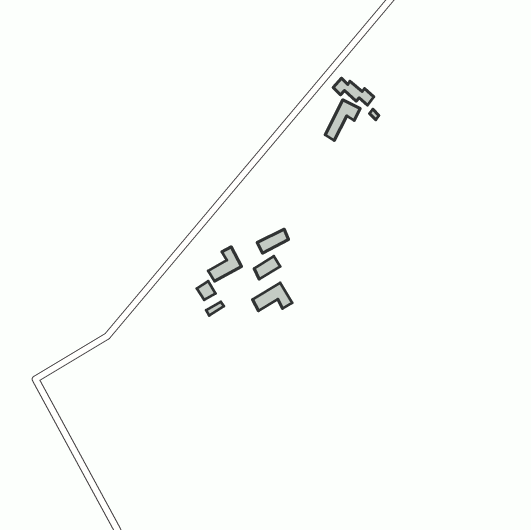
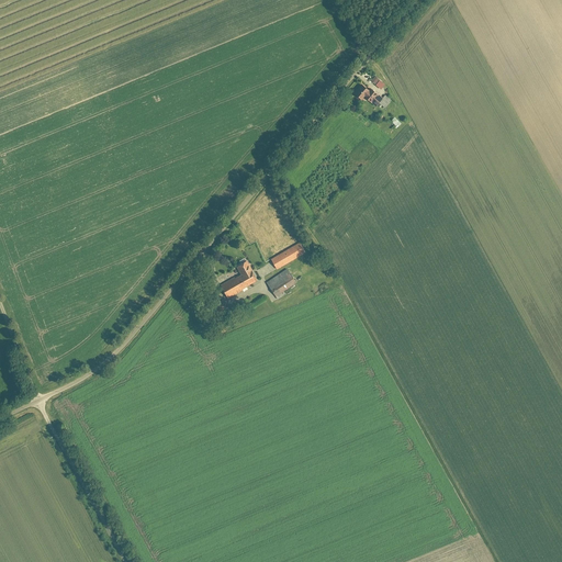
building: [325,100,360,140] -> none
building: [252,283,292,311] -> none

